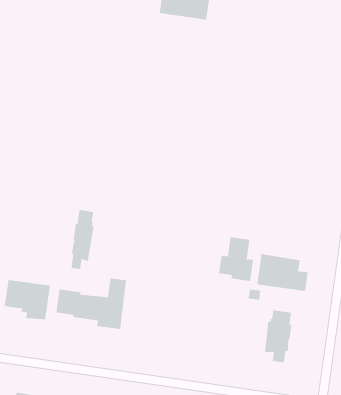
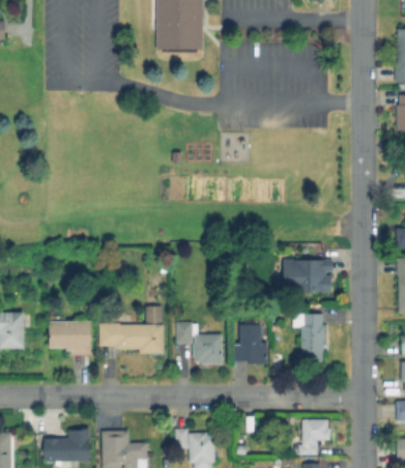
building: [71,209,94,270] -> none
building: [218,237,254,281] -> [235,324,267,363]
building: none -> [177,322,223,364]

